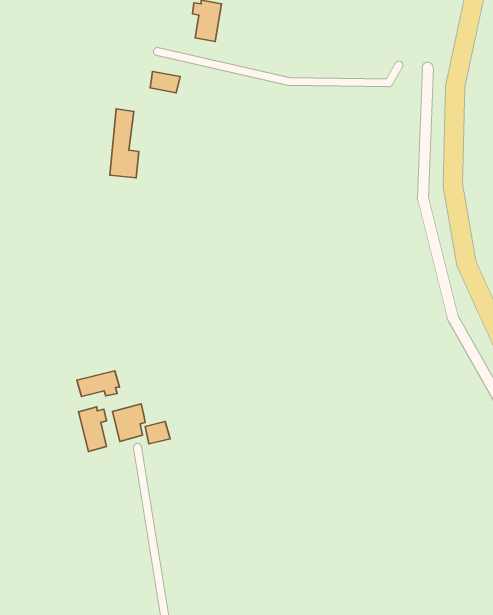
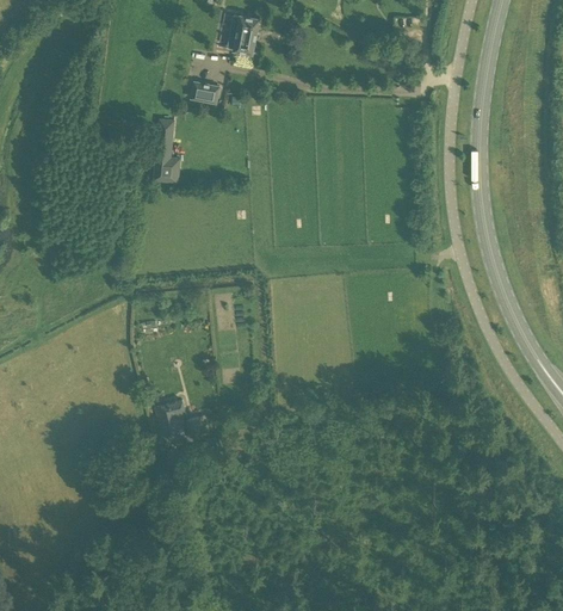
building: [77,371,119,397] -> none
building: [78,407,107,451] -> none

